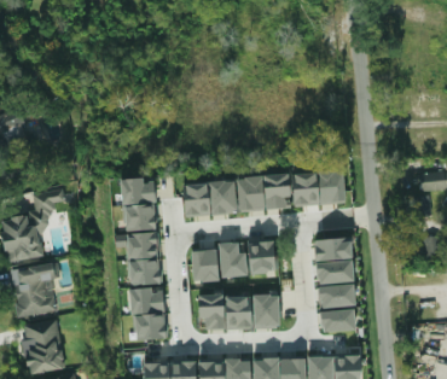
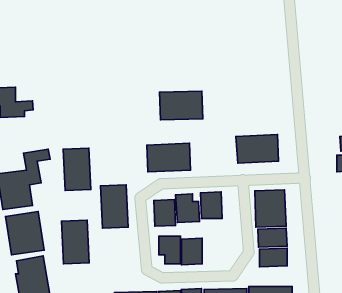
building: [237,175,290,210] -> [159,91,203,120]
building: [122,179,156,231] -> [63,148,91,191]
building: [132,287,166,340] -> [61,220,89,264]
building: [254,295,280,328] -> none

